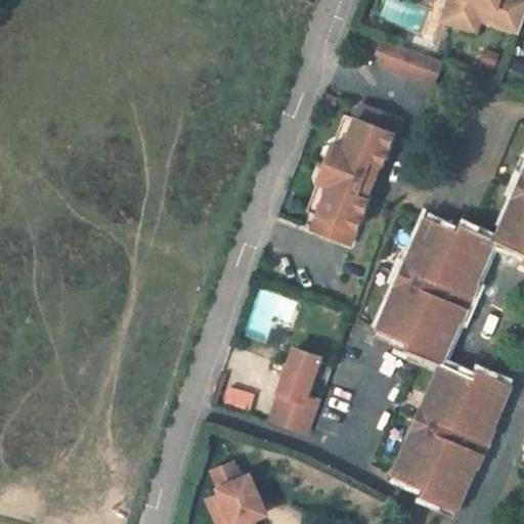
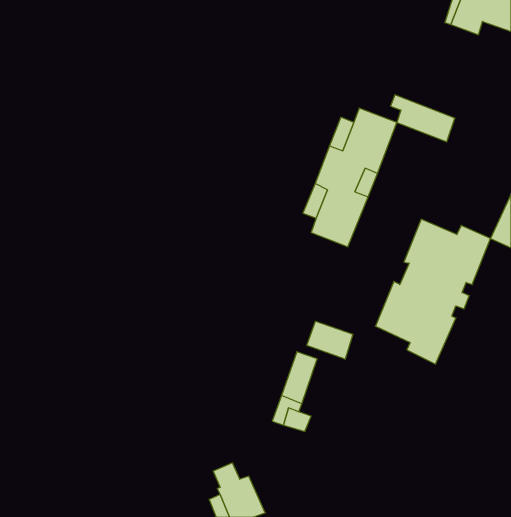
building: [380,40,444,87] -> [391,95,455,142]
building: none -> [307,321,353,359]
building: [394,367,509,510] -> none

